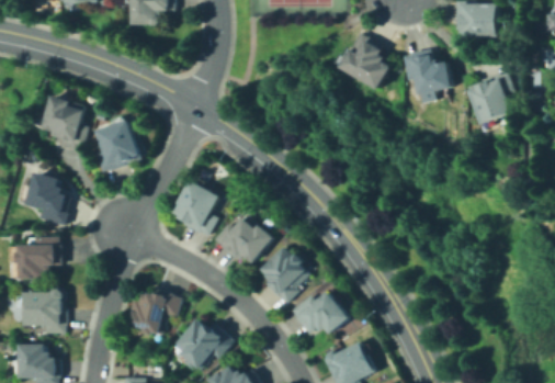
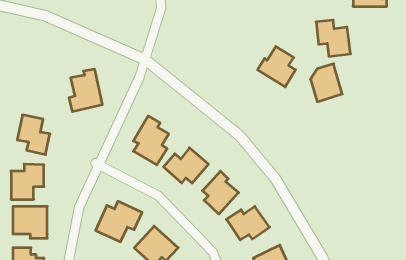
building: [335,33,383,85] -> [258,46,296,87]
building: [469,74,510,122] -> [310,64,342,102]
building: [41,97,84,146] -> none

